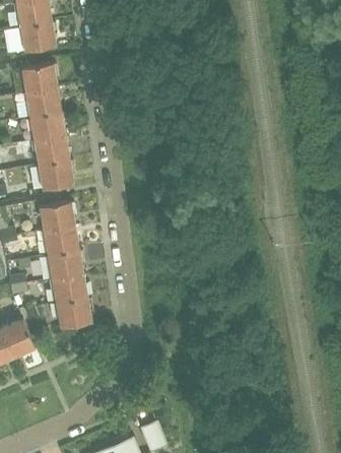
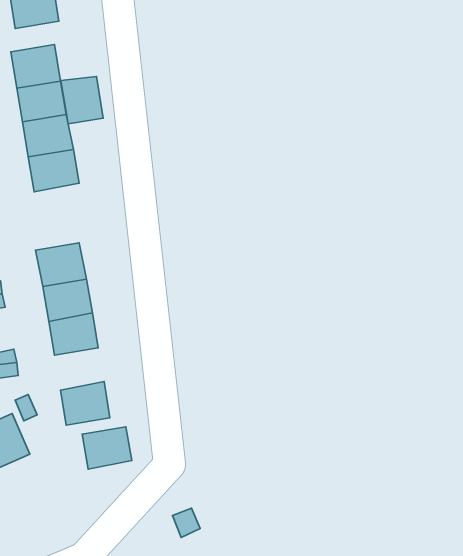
building: none -> [61,76,103,124]
building: [38,158,73,189] -> none
building: [52,273,86,303] -> [82,427,132,469]

